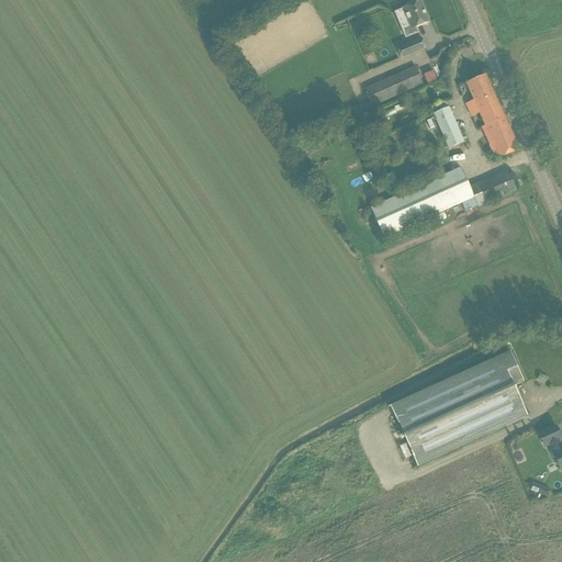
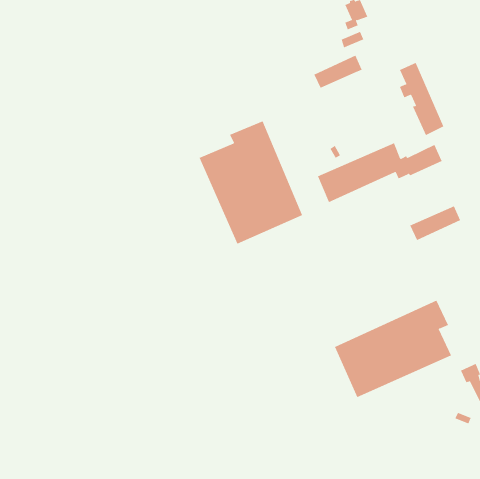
building: [434,105,463,147] -> none
building: none -> [199,120,303,245]
building: none -> [409,205,461,241]

